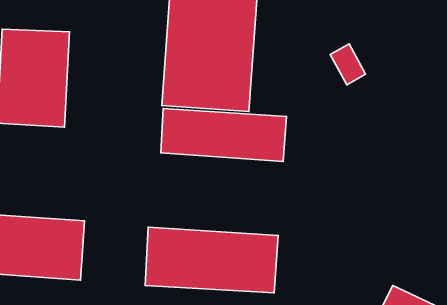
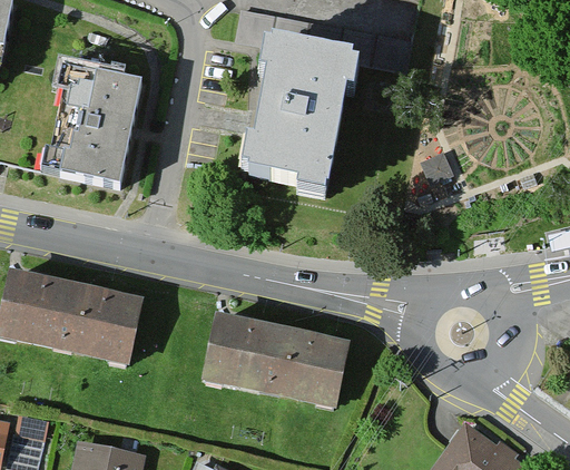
building: [161,109,287,161] -> none

